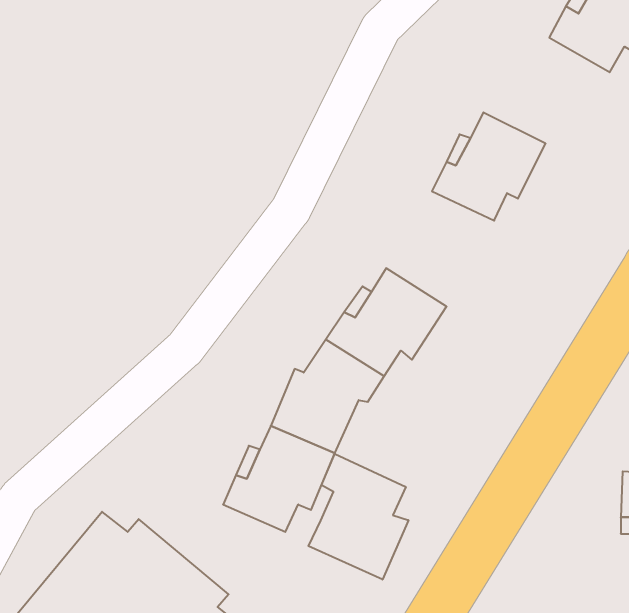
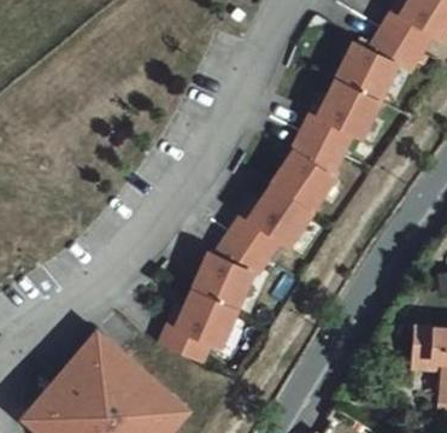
building: none -> [337,29,420,99]
building: none -> [274,130,345,206]
building: [308,454,408,580] -> none

